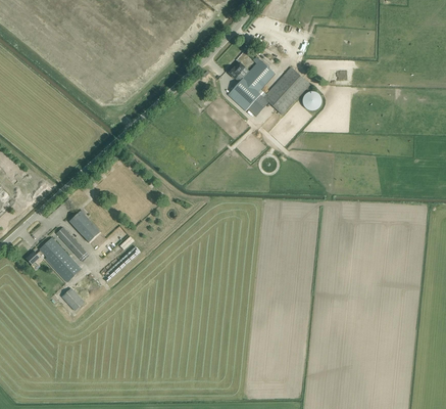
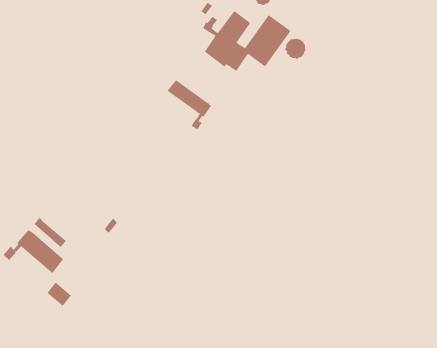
building: none -> [167,79,212,130]
building: [68,211,99,241] -> none

